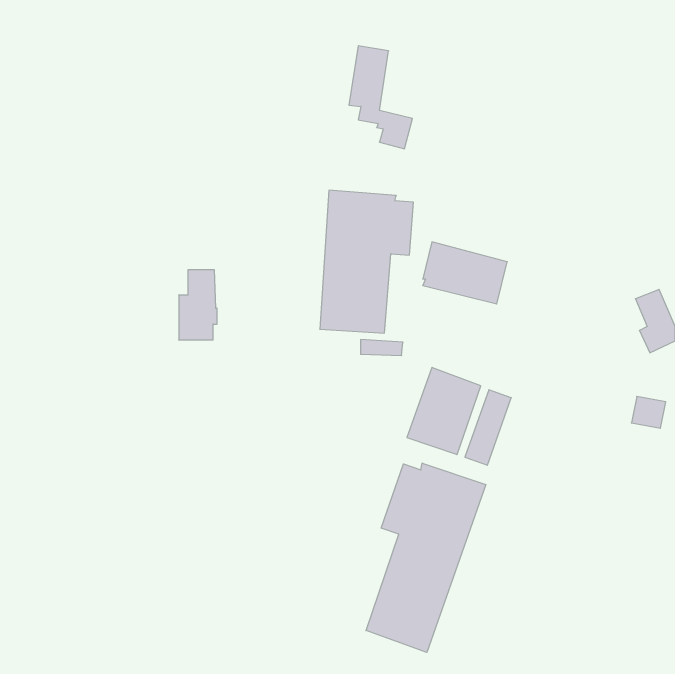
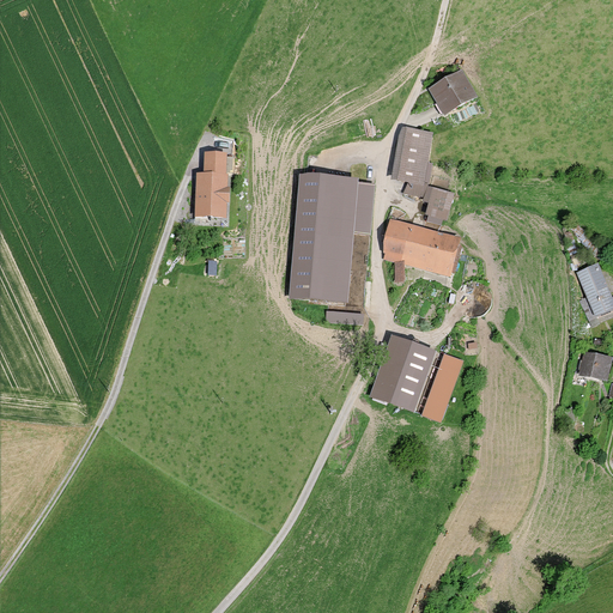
building: [349,46,412,149] -> [397,126,455,219]
building: none -> [430,68,478,114]
building: [179,270,217,340] -> [199,153,233,217]
building: [366,463,486,652] -> none

